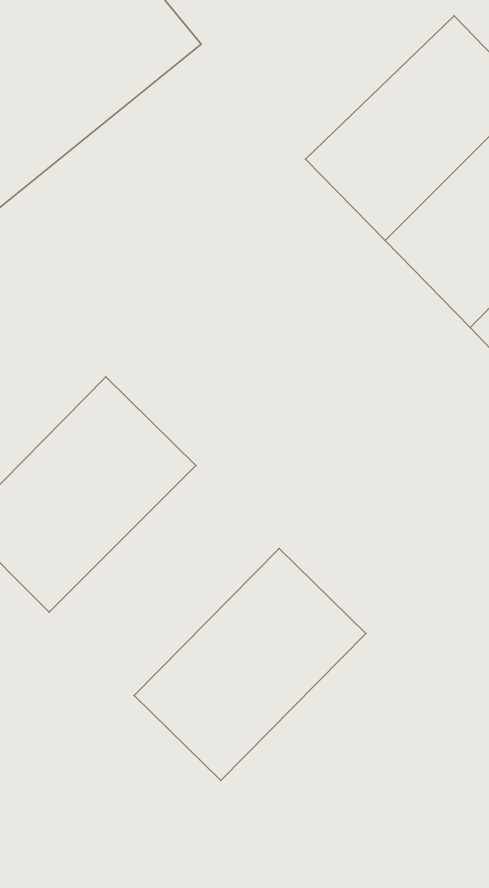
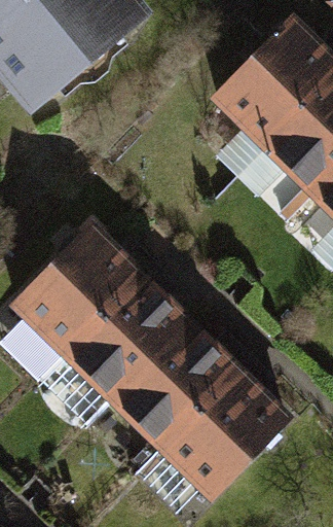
building: none -> [57,271,190,405]
building: none -> [156,368,294,506]

